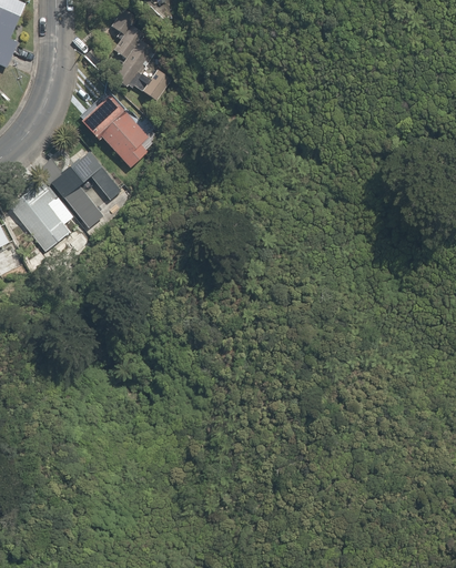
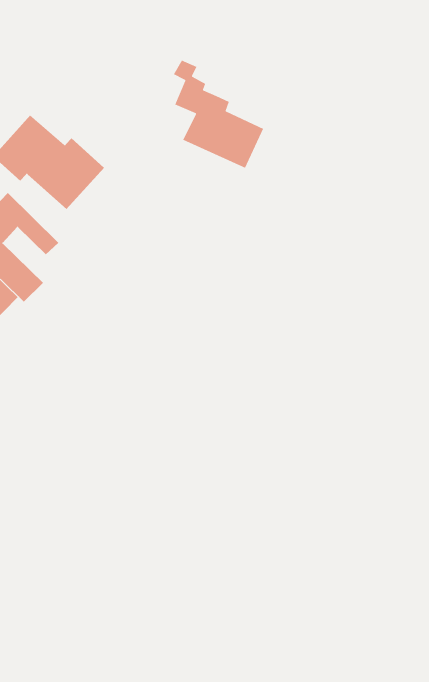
building: [111,18,174,104] -> [173,60,264,169]

